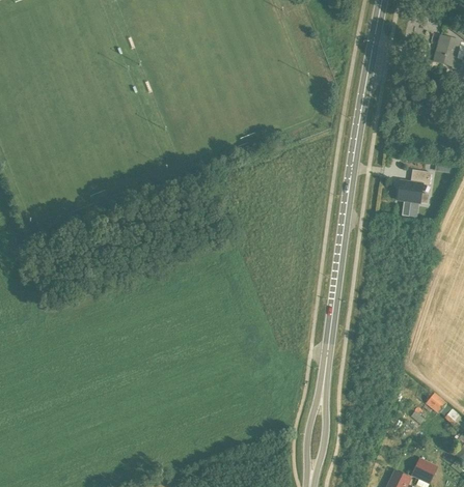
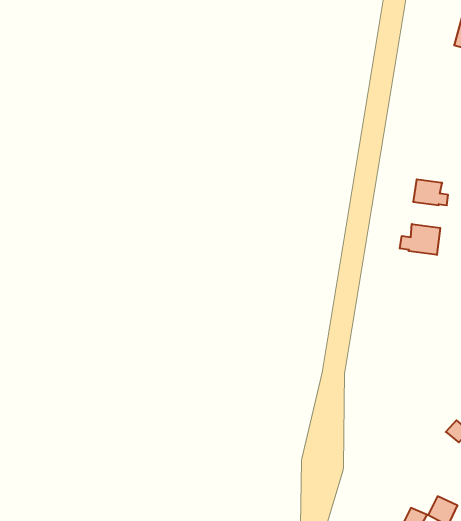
building: none -> [400,224,440,255]

